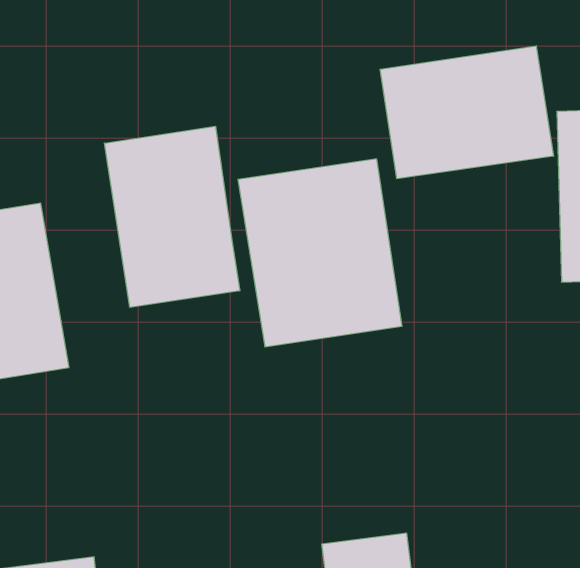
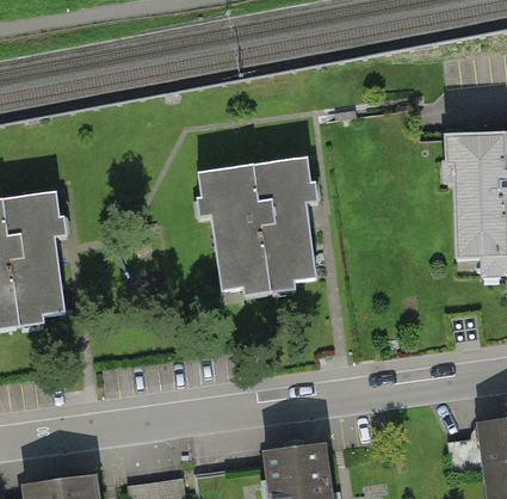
building: [380,46,553,179] -> none
building: [104,126,240,307] -> none

